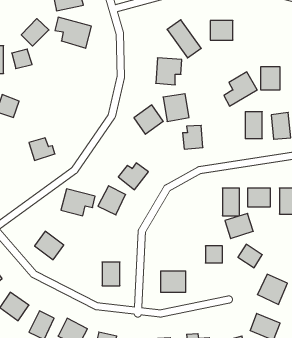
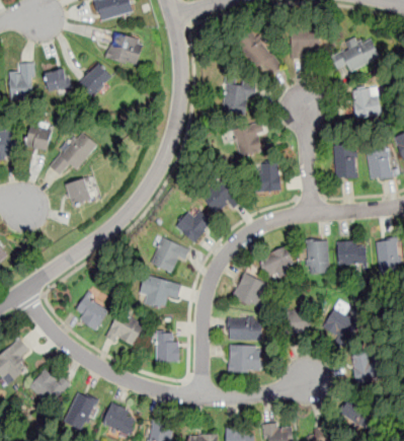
building: [21,19,49,46] -> [79,61,113,95]
building: [224,72,257,106] -> [335,33,377,76]
building: none -> [50,131,97,175]
building: [134,105,163,134] -> [203,179,239,216]
building: [61,189,95,216] -> [138,276,180,309]
building: [225,213,253,239] -> [259,247,295,279]
building: none -> [234,274,270,308]
building: none -> [106,312,144,348]
building: none -> [227,318,261,339]

